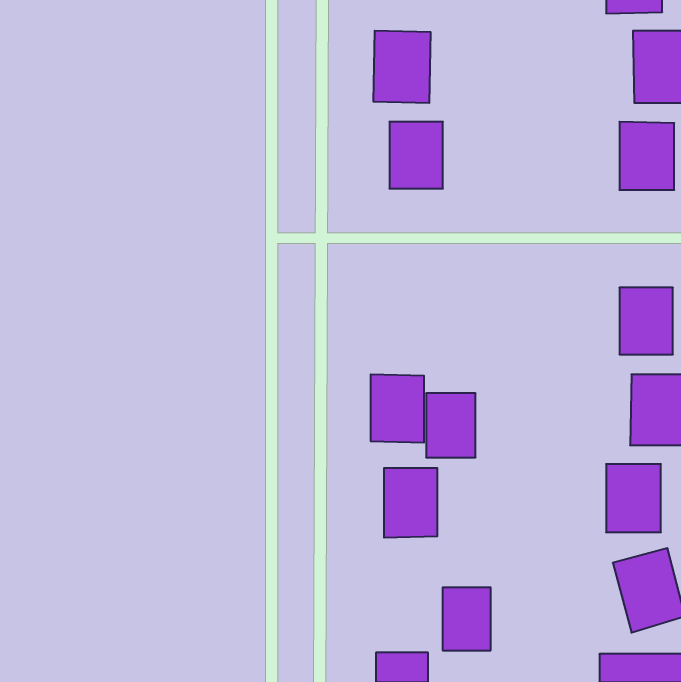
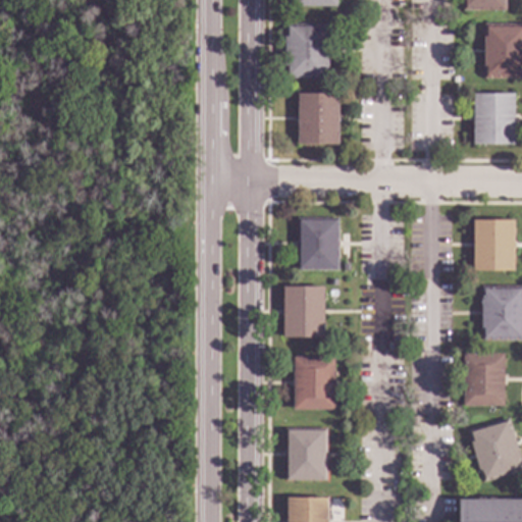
building: [426,393,476,457] -> [300,219,337,268]
building: [443,587,491,650] -> [289,430,325,478]

